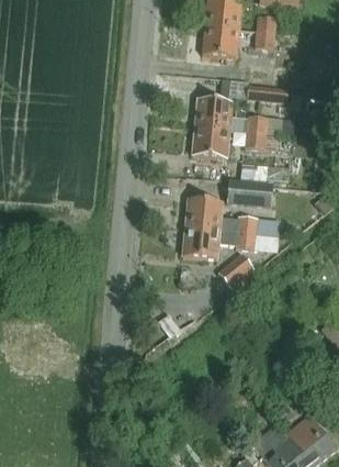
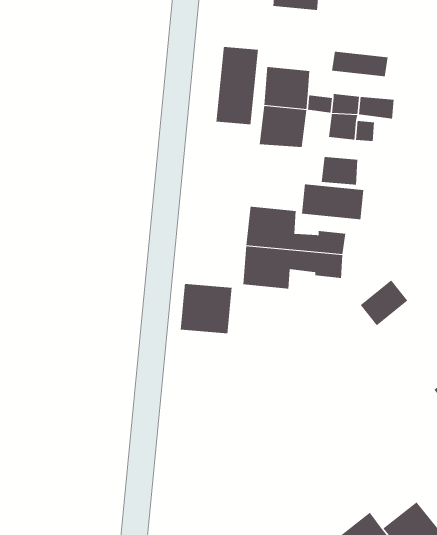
building: none -> [216,46,259,125]
building: [216,253,251,287] -> [360,279,408,326]
building: none -> [180,283,232,334]

